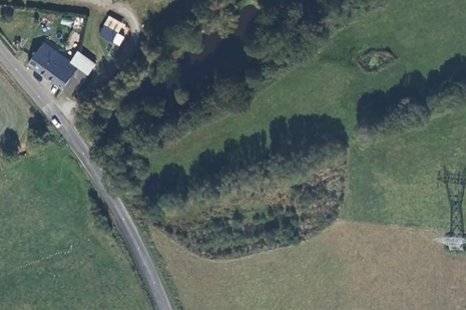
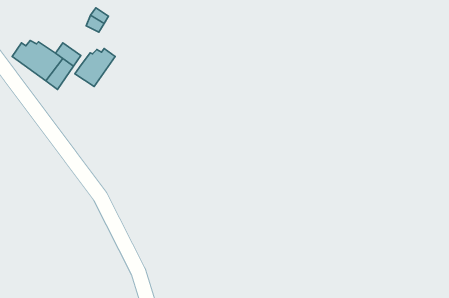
building: none -> [75,48,115,86]

